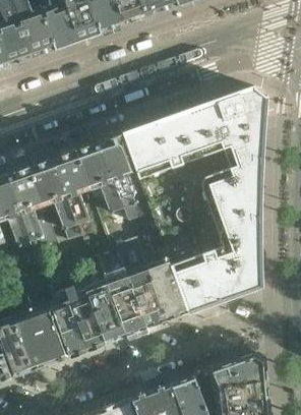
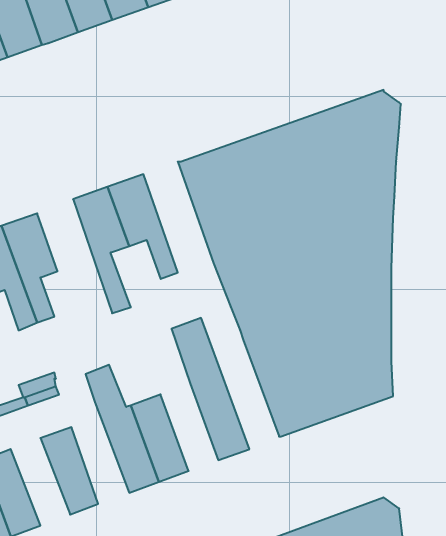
building: [100,132,145,218] -> none
building: [31,157,79,235] -> none
building: [137,227,188,319] -> none
building: [111,277,148,334] -> none
building: [53,289,91,355] -> none
building: [13,312,52,369] -> none

